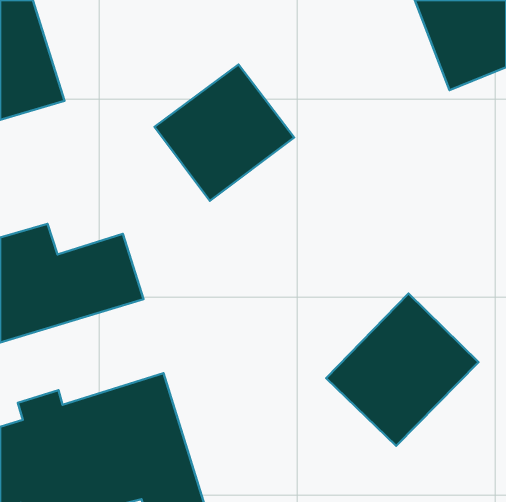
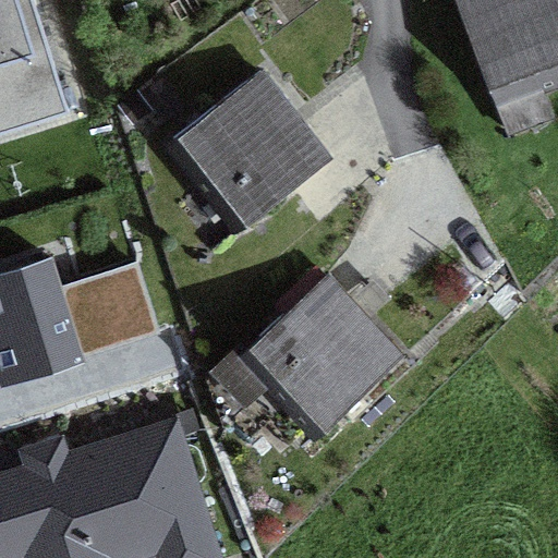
building: none -> [234,279,397,441]
building: [326,293,478,446] -> none

